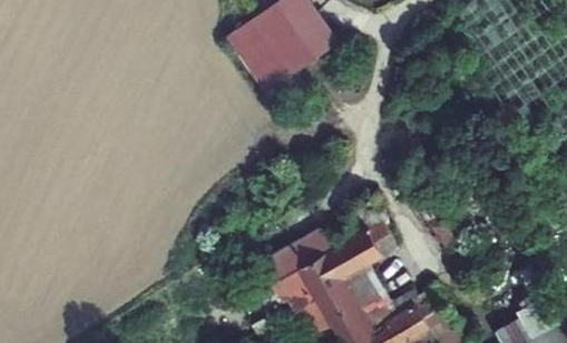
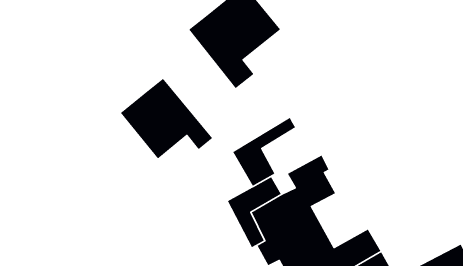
building: none -> [120,78,213,159]
building: none -> [232,117,296,187]

